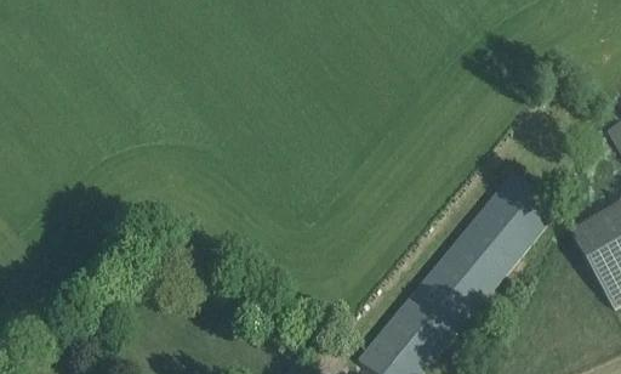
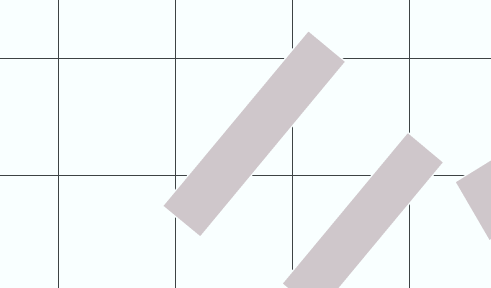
building: none -> [163,31,346,237]

